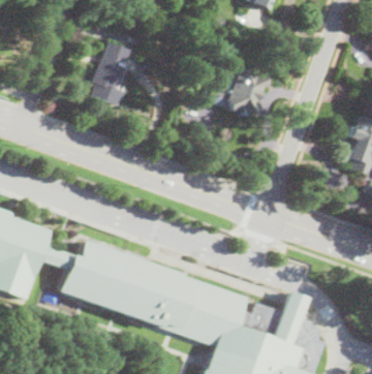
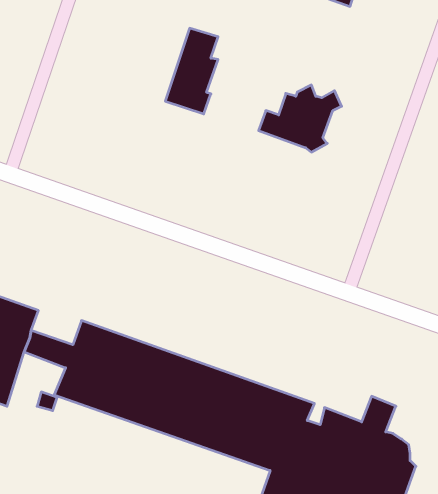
building: [92,43,130,105] -> [165,28,218,114]

